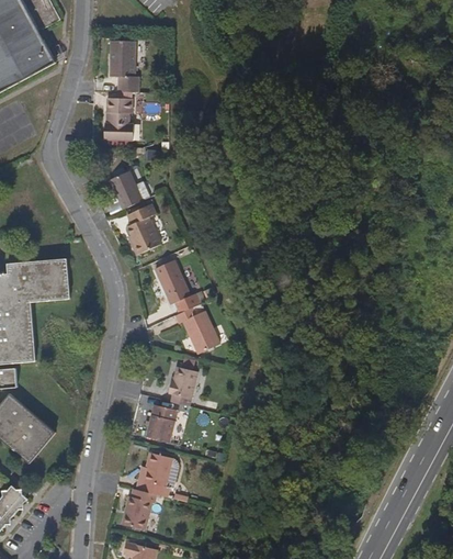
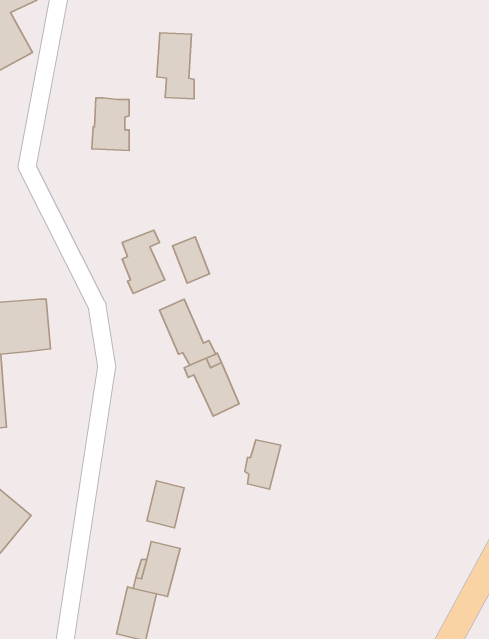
building: [109,41,138,93] -> [157,33,194,99]
building: [109,171,140,209] -> none
building: none -> [173,237,210,283]
building: [168,367,196,406] -> [245,440,281,489]

